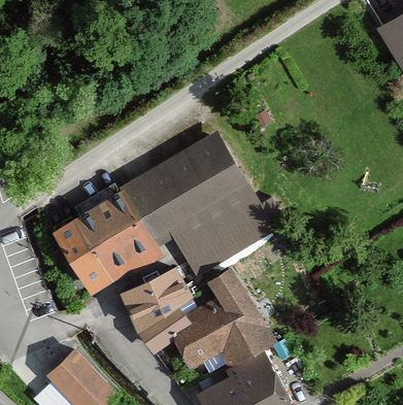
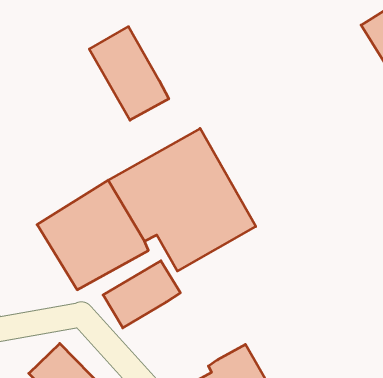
building: none -> [89,27,169,120]
building: [137,269,274,368] -> none

